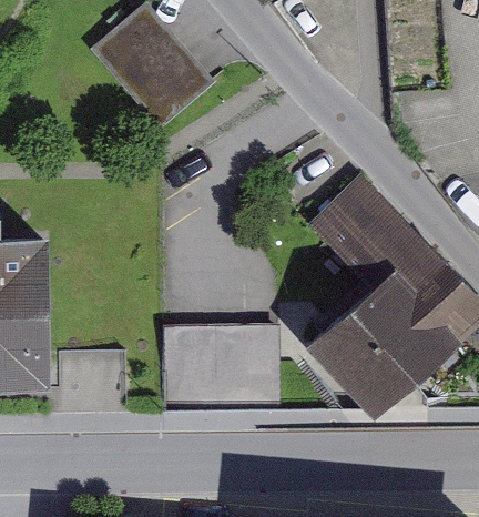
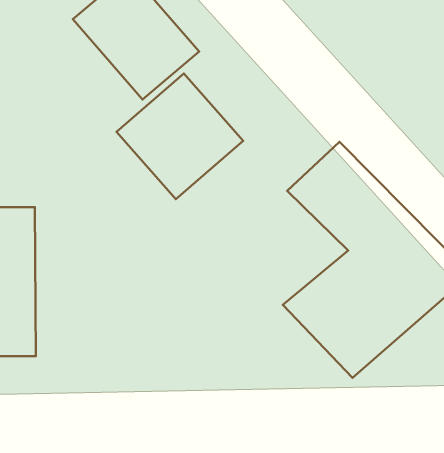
building: none -> [117,74,243,199]
building: [164,326,283,410] -> none

